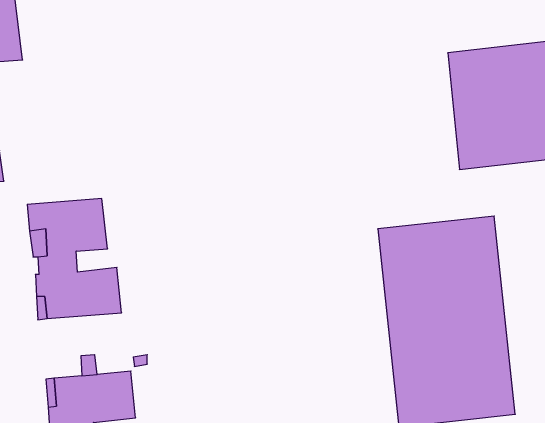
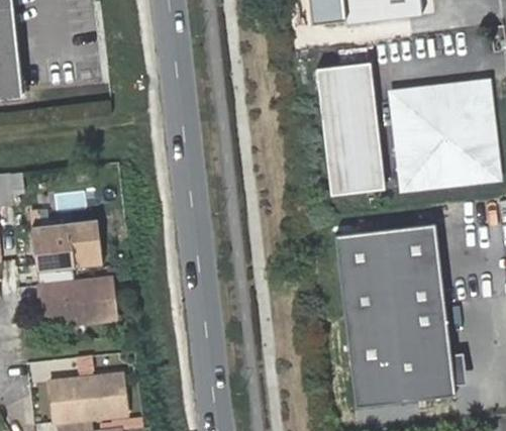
building: none -> [315,66,384,199]

